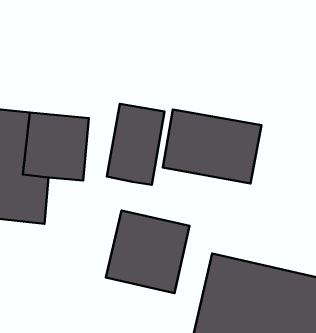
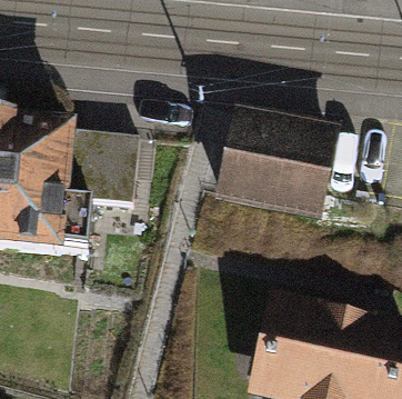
building: [107,104,164,185] -> none
building: [106,211,190,293] -> none

